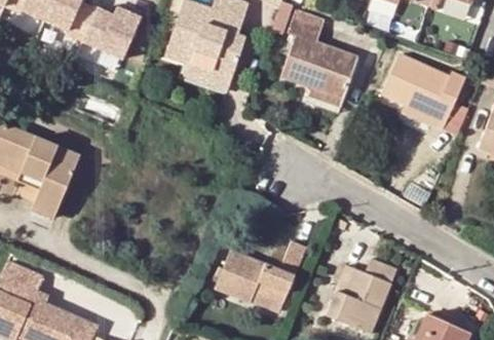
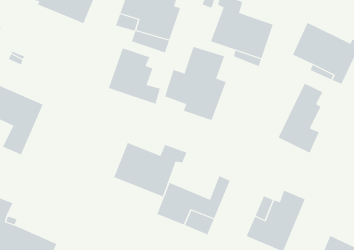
building: none -> [164,46,226,121]
building: none -> [108,48,160,104]
building: none -> [278,83,323,153]
building: none -> [113,142,187,197]

